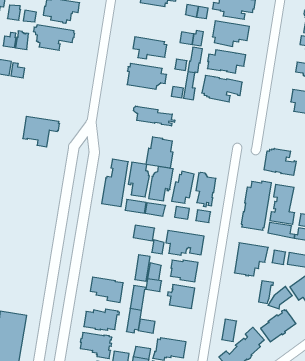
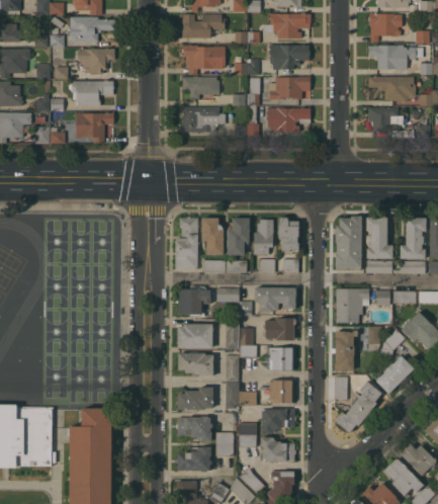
building: none -> [183,45,225,74]
building: [134,106,175,126] -> none
building: [23,116,60,147] -> [76,112,114,143]
building: [146,137,173,168] -> none
building: [264,148,296,175] -> none
building: none -> [178,286,210,317]
building: none -> [177,324,212,348]
building: none -> [335,330,357,372]
building: none -> [264,380,293,403]

